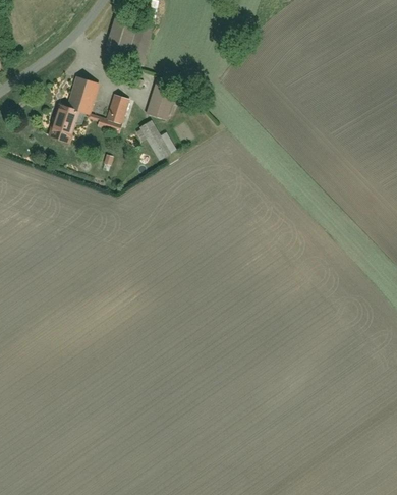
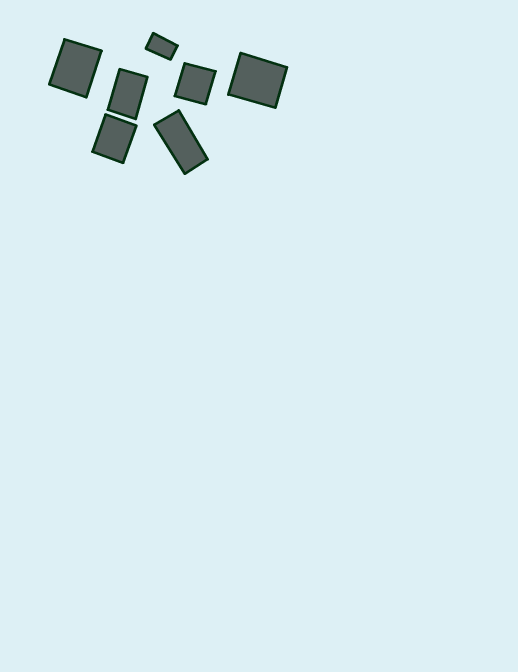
building: none -> [228,53,287,108]
building: [49,107,76,138] -> [92,115,136,163]

